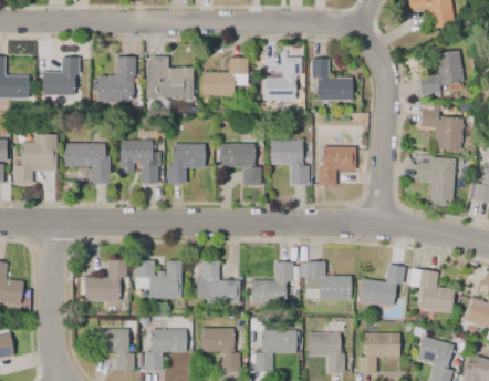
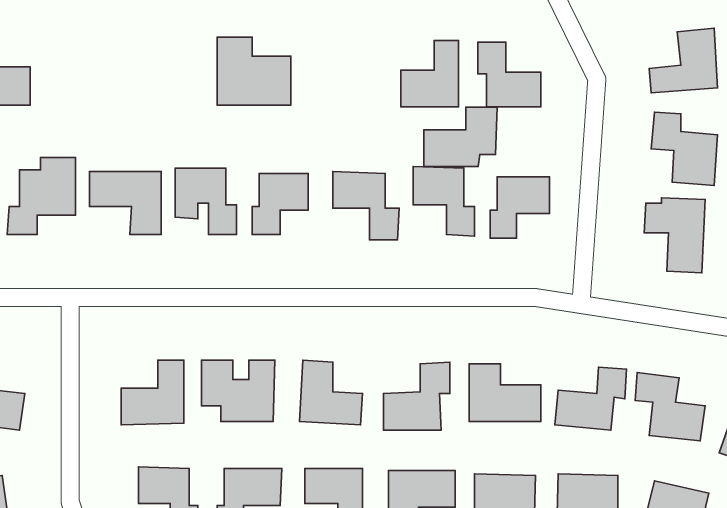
building: [42,56,80,95] -> none
building: [97,56,134,102] -> none
building: [201,58,248,95] -> [424,107,497,167]

